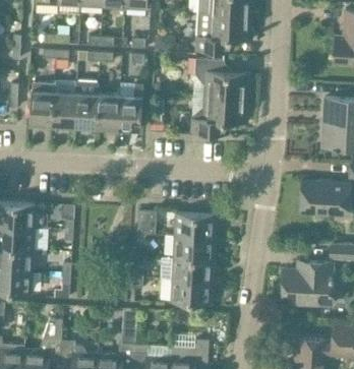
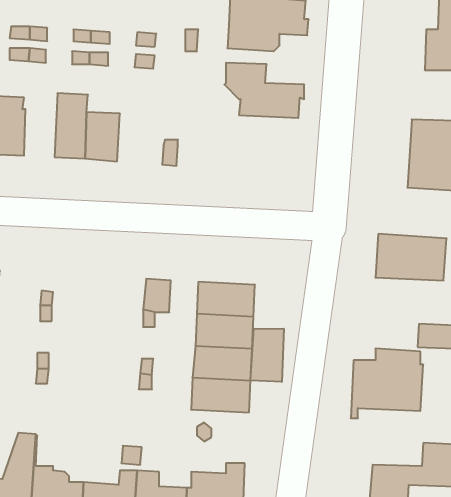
building: [54,80,77,126] -> none
building: [119,86,143,130] -> none
building: [192,97,248,134] -> none
building: none -> [251,329,284,382]

